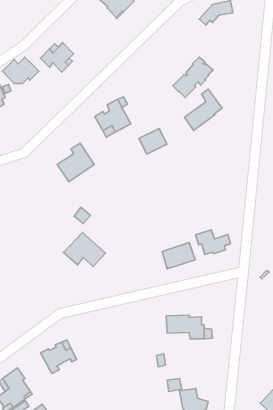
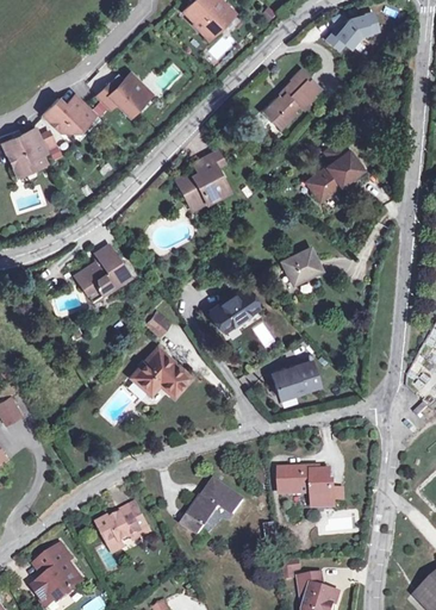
building: [173,57,213,97] -> [261,69,319,127]
building: [139,128,167,154] -> [280,247,320,284]
building: [57,143,94,182] -> [74,244,127,300]
building: none -> [210,287,257,330]
building: [196,230,231,254] -> none
building: none -> [180,479,243,535]

